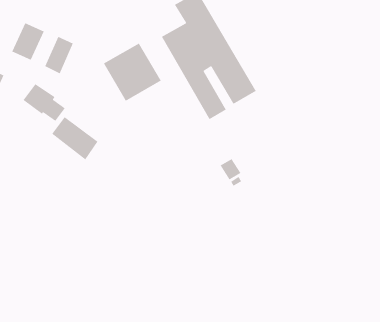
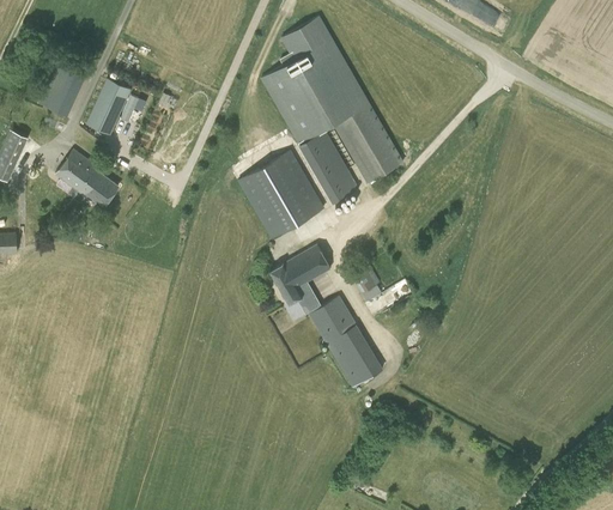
building: [103,42,162,102] -> [237,151,324,239]
building: [51,116,99,160] -> none
building: none -> [271,244,383,388]

